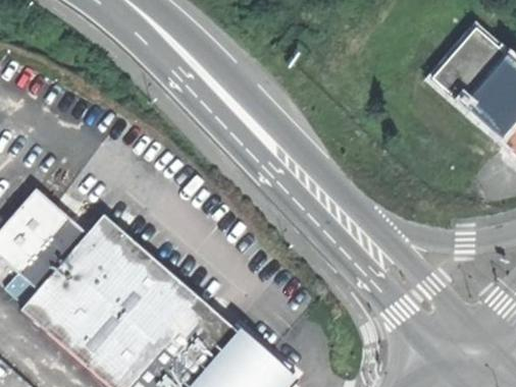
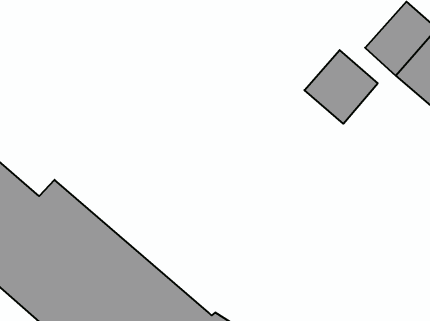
building: none -> [304,50,378,124]

